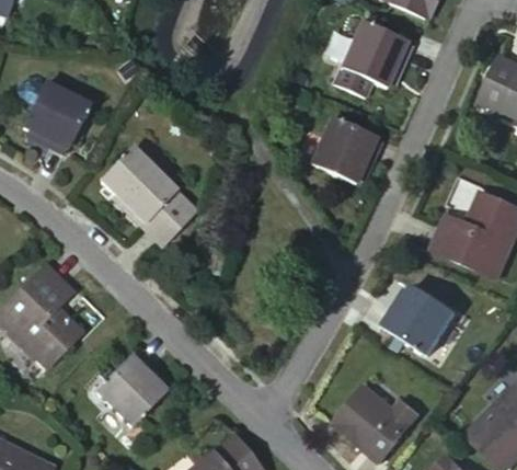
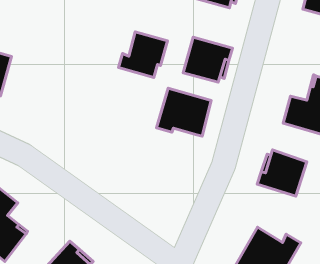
building: none -> [118,32,167,77]
building: [100,151,197,248] -> none
building: none -> [157,88,211,136]

